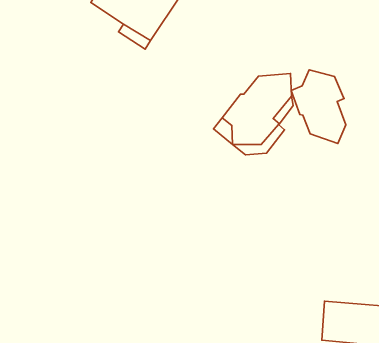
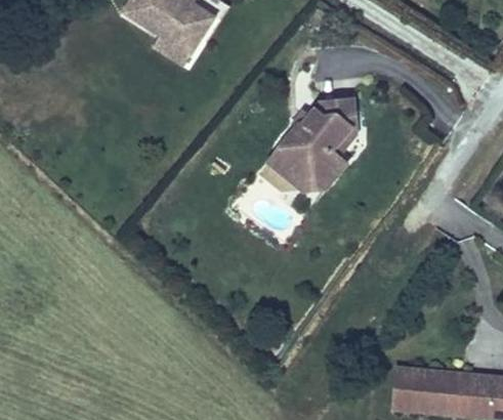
building: [291,70,346,144] -> none

